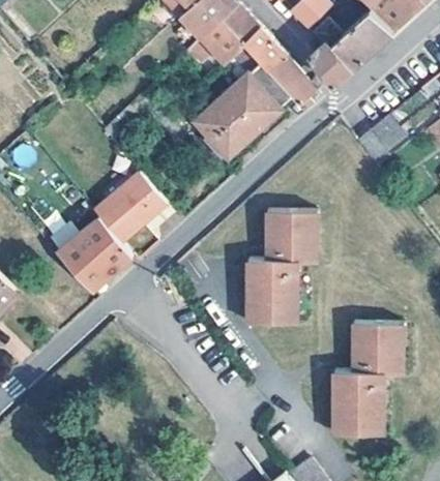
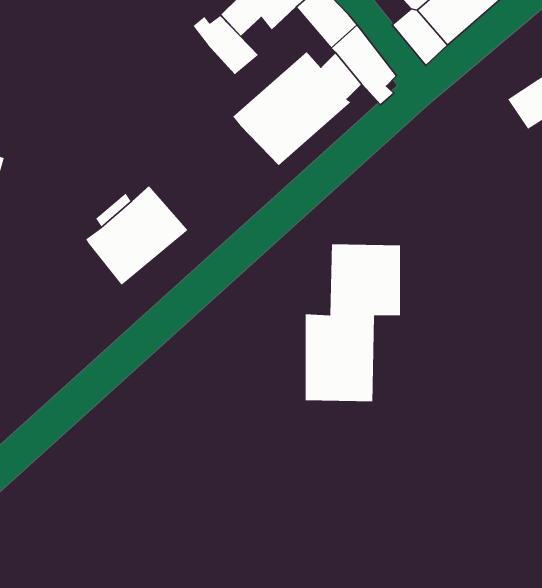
building: none -> [192,15,259,75]
building: [356,116,405,168] -> none
building: [56,211,130,291] -> none
building: [332,321,404,433] -> none

